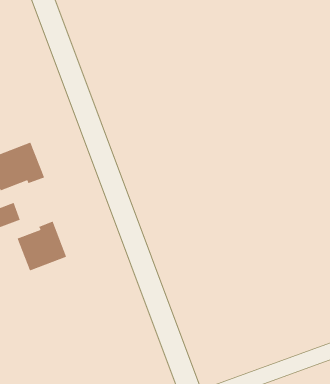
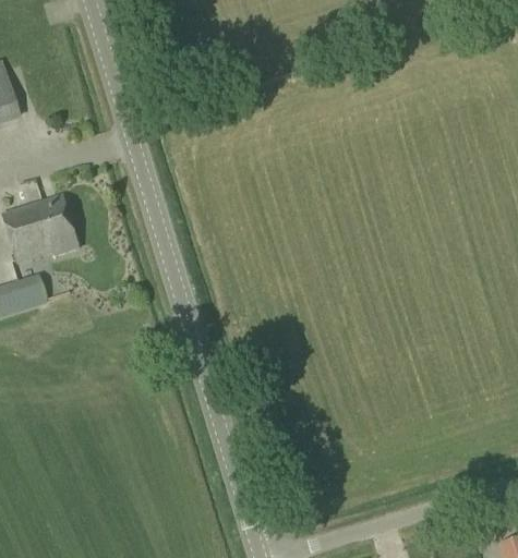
building: [16,221,67,272] -> none

